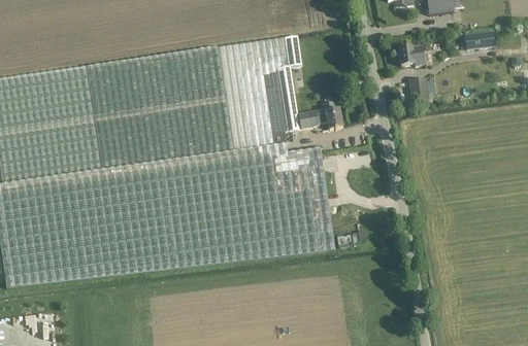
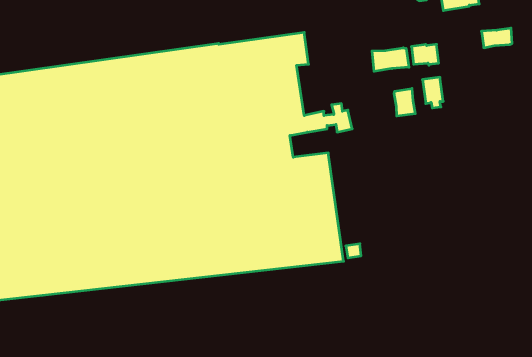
building: none -> [372,48,409,71]
building: none -> [394,88,415,116]

